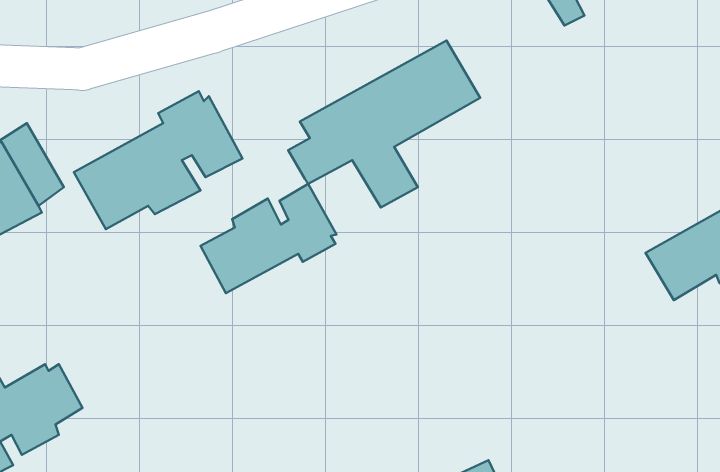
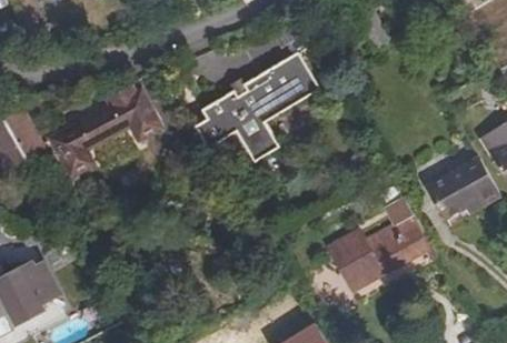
building: [200,184,336,293] -> none
building: none -> [351,215,427,282]

